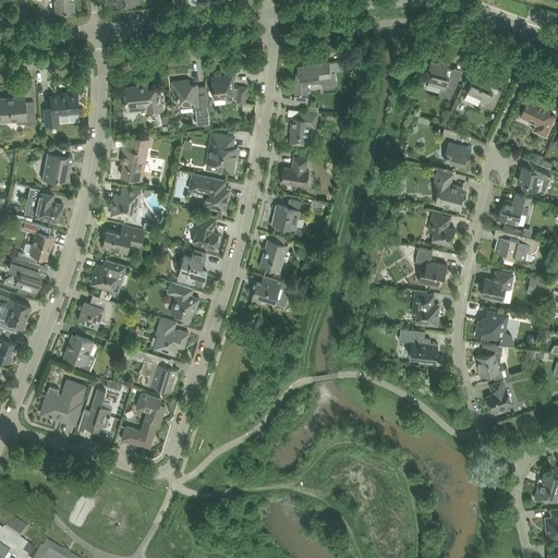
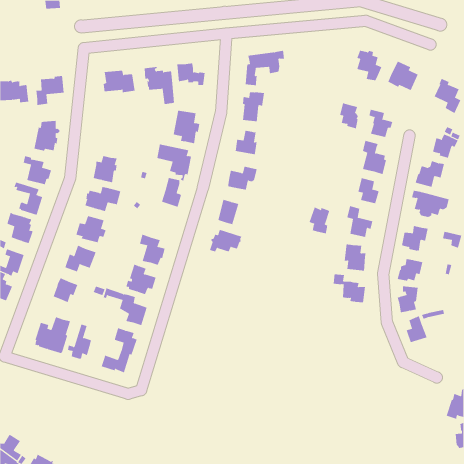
building: none -> [340,103,359,129]
building: [121,137,149,181] -> none
building: none -> [309,206,330,234]
building: [179,251,207,286] -> none

